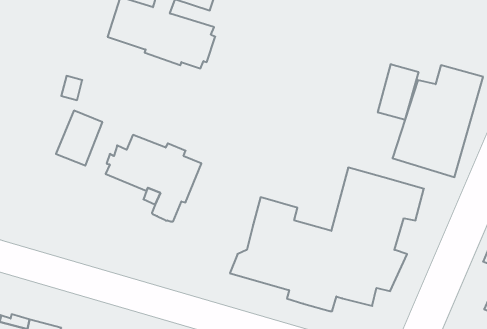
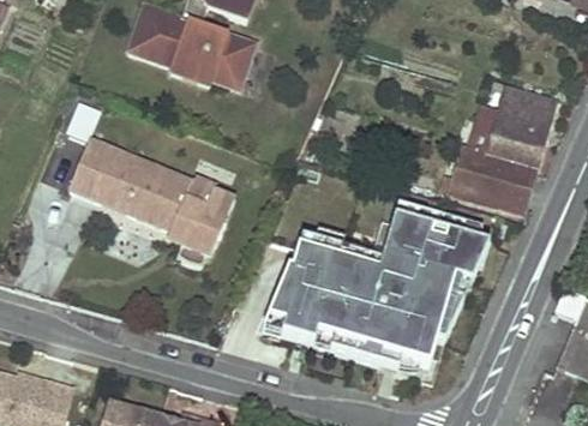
building: [378,64,418,120] -> none
building: none -> [102,151,156,210]

